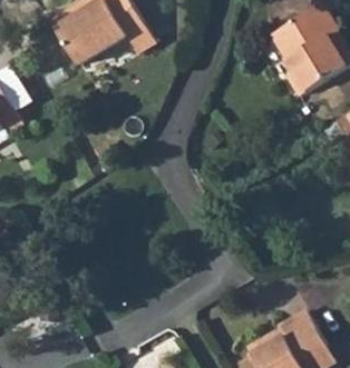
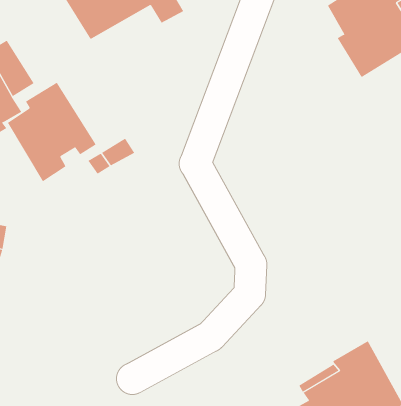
building: none -> [7,82,96,182]

